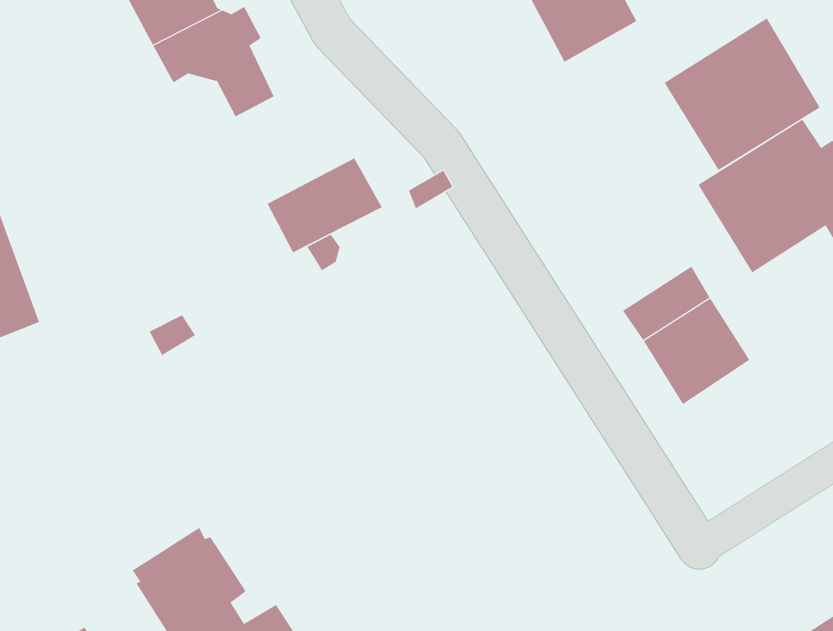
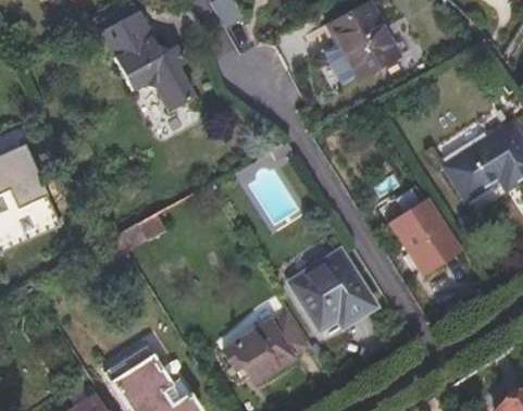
building: [664,18,821,171] -> none
building: [267,157,382,253] -> none
building: none -> [290,251,376,329]
building: none -> [224,314,304,383]

